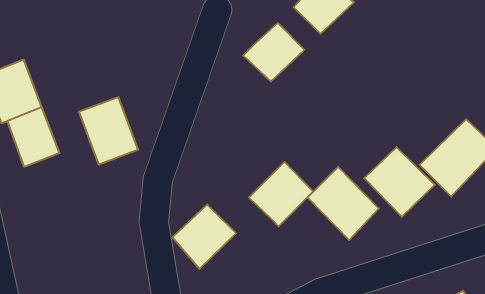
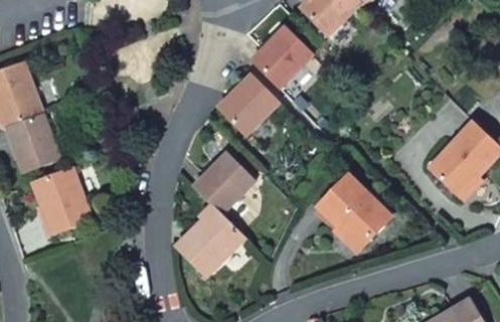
building: none -> [216,66,278,135]
building: [79,97,138,164] -> [32,166,93,234]
building: [364,147,435,217] -> none
building: [249,162,313,226] -> [190,152,256,217]

